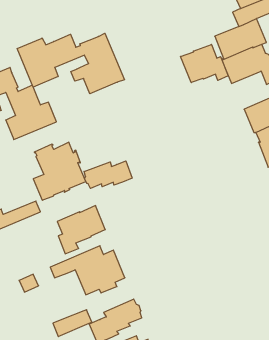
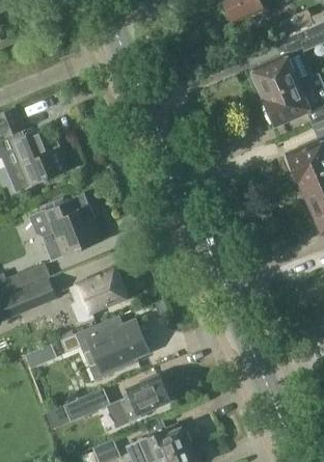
building: [17,33,124,94] -> none
building: [181,44,228,83] -> none
building: [84,161,132,188] -> none
building: none -> [8,278,56,315]

